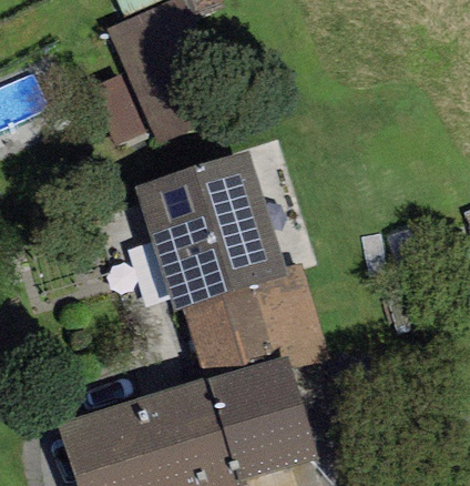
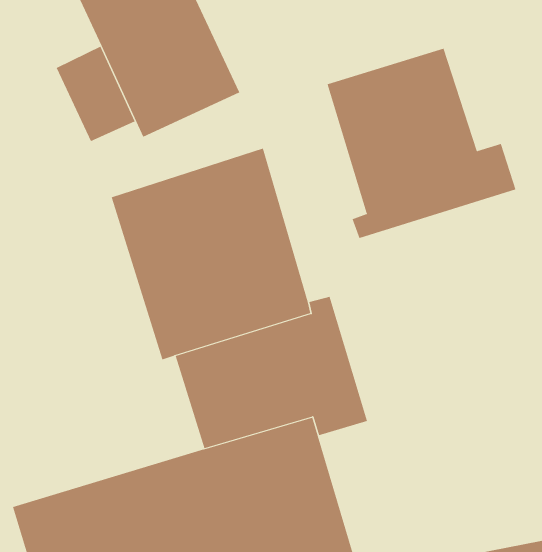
building: none -> [327,48,516,239]

